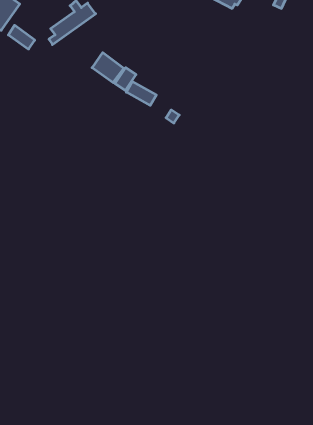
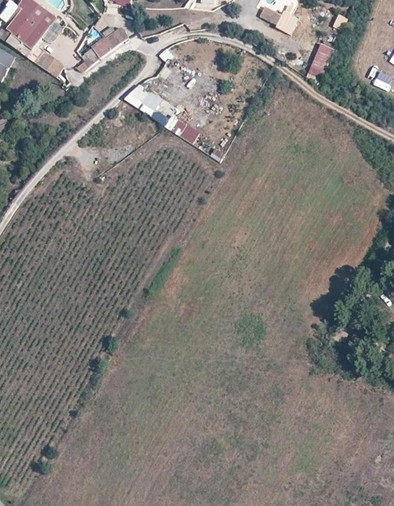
building: none -> [308,41,336,79]

